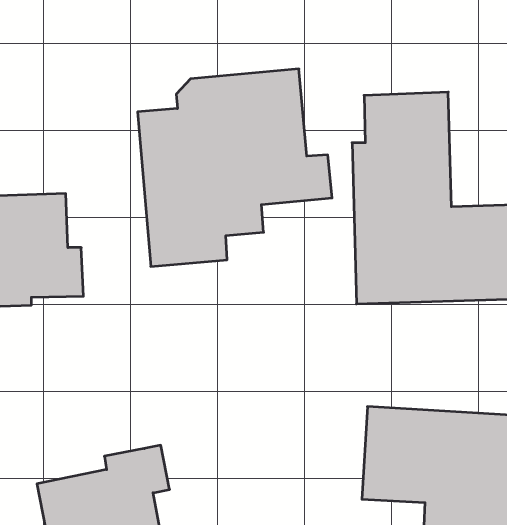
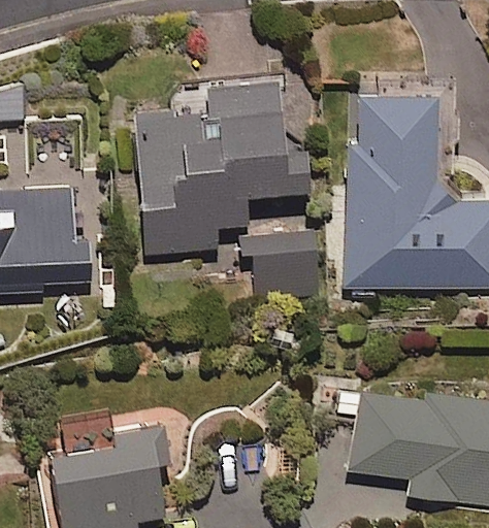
building: none -> [252,232,324,306]

